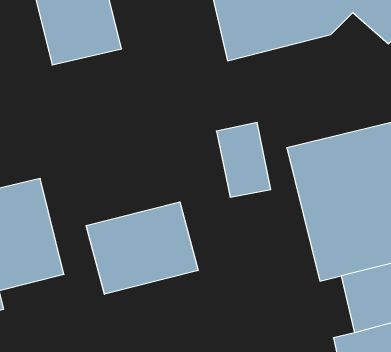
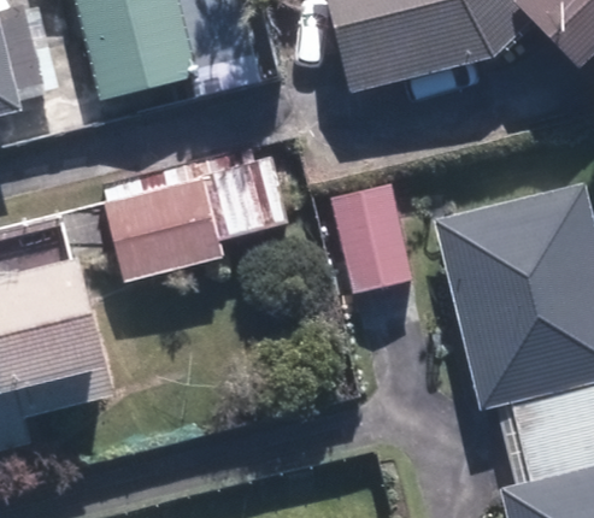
building: none -> [106,176,227,282]
building: [86,202,198,294] -> none

